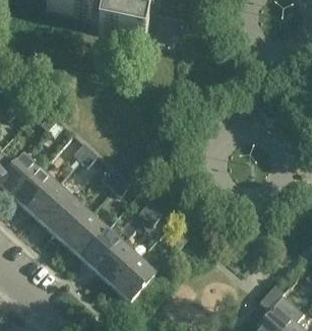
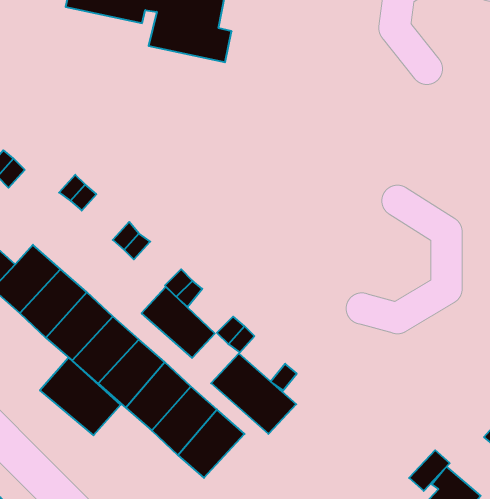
building: none -> [142,287,215,358]
building: none -> [211,354,296,434]
building: none -> [40,358,121,435]

